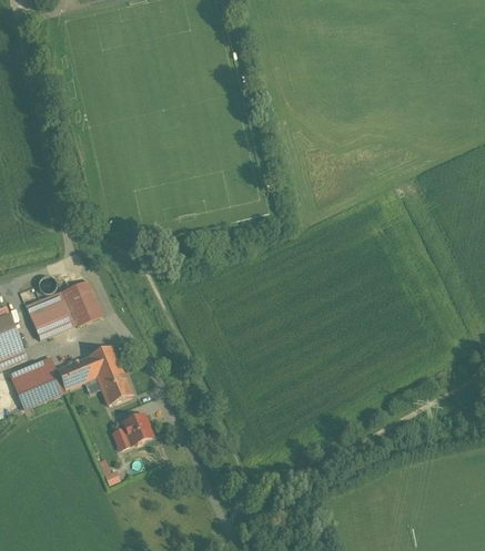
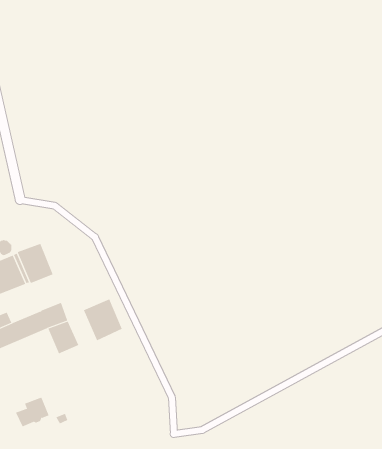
building: none -> [83,298,122,341]
building: [113,414,152,448] -> [15,397,50,427]

